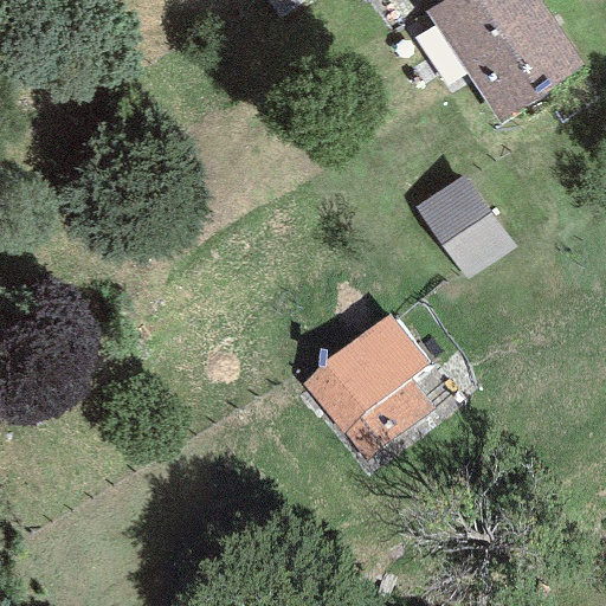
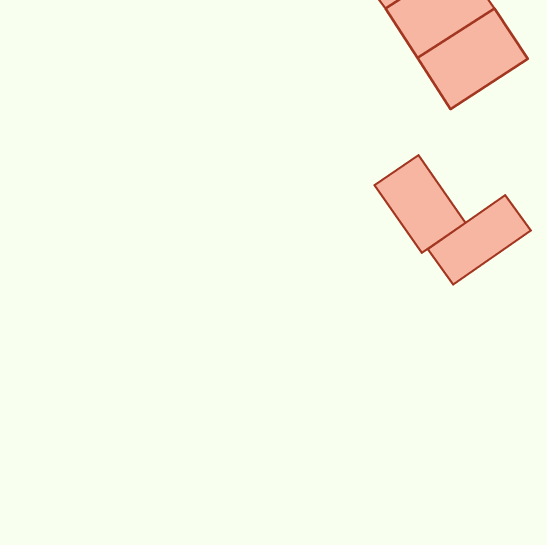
building: none -> [428,195,531,285]
building: [303,314,432,459] -> none

